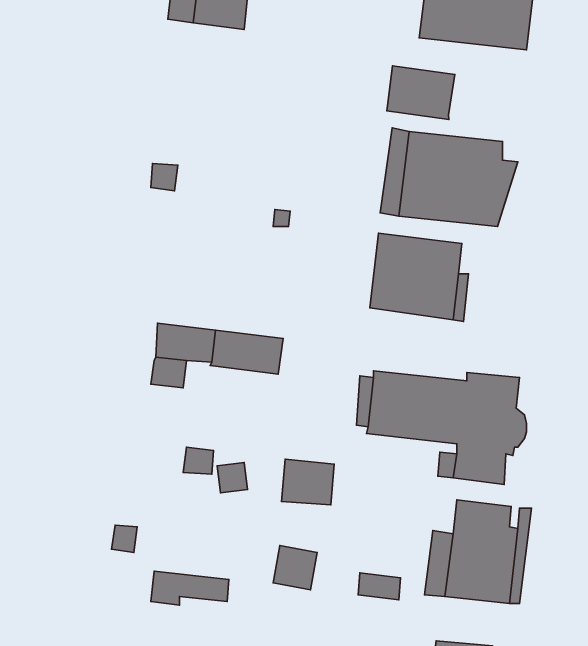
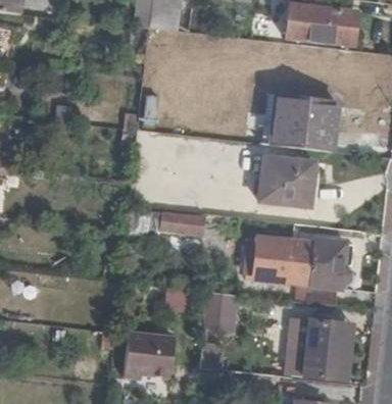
building: [387,66,455,120] -> none
building: none -> [128,332,176,363]

